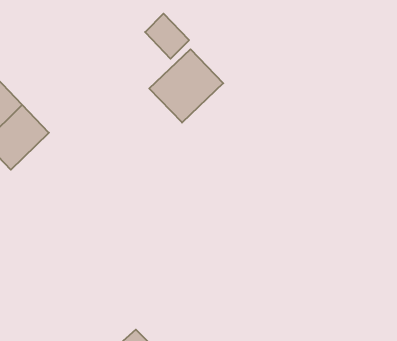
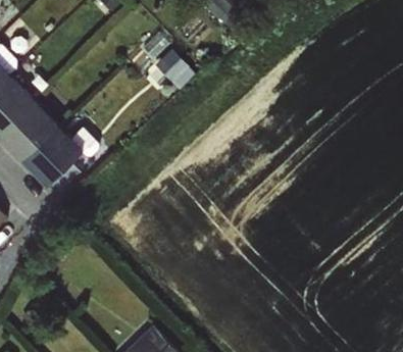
building: [149,49,223,123] -> none

